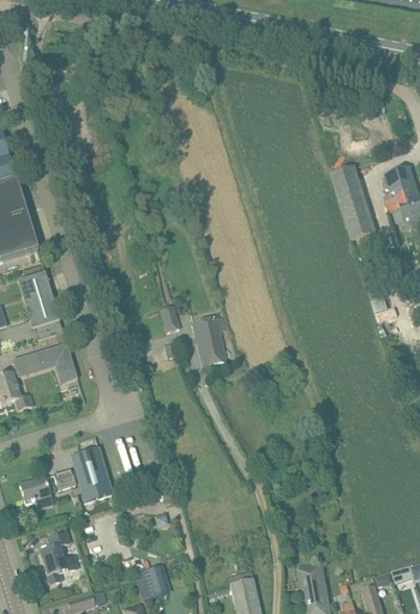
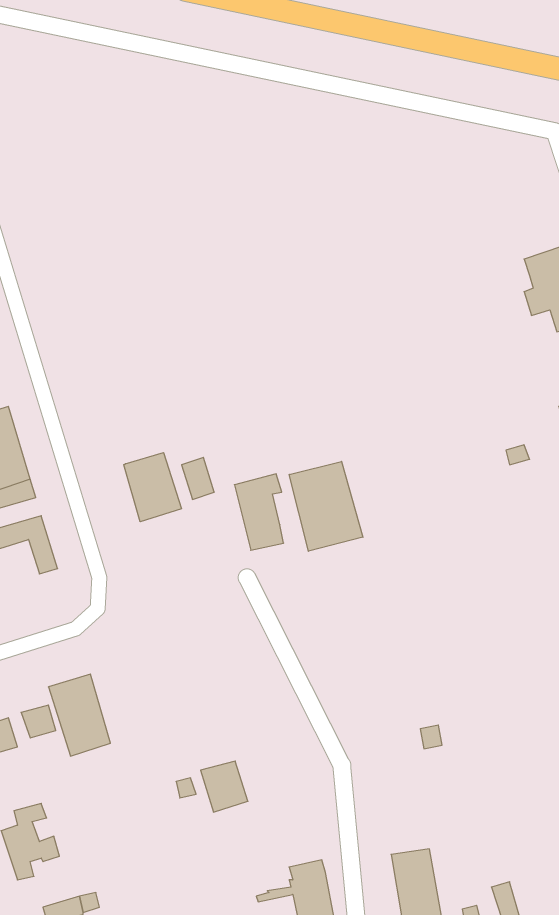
building: [330,165,376,239] -> none
building: none -> [124,453,181,522]
building: none -> [289,461,363,551]
building: [138,565,169,598] -> [201,761,248,812]

